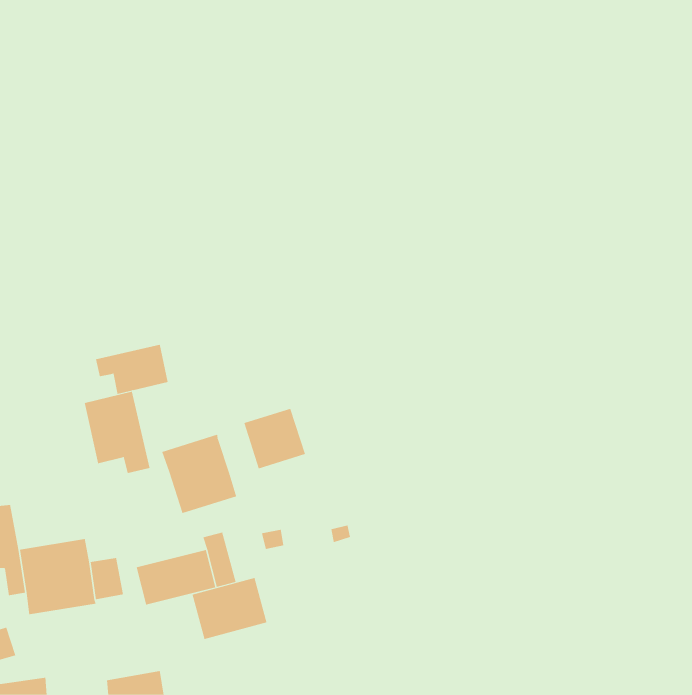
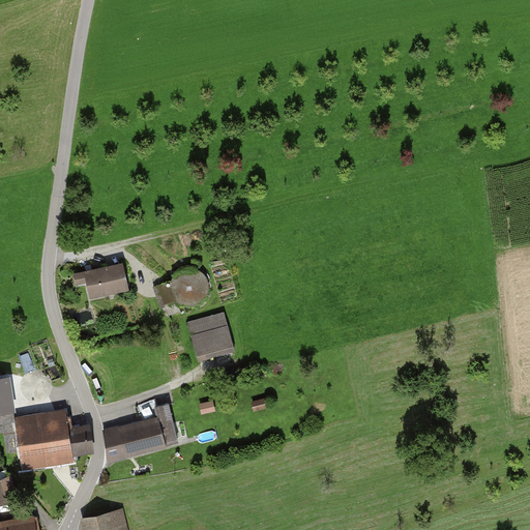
building: none -> [170,267,208,305]
building: [84,391,150,474] -> none
building: [162,434,237,514] -> none
building: [192,577,267,640] -> none

